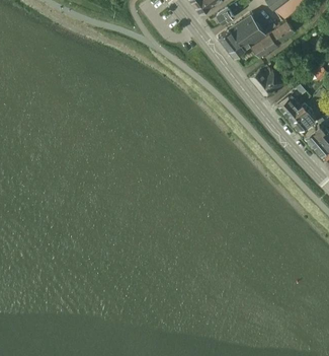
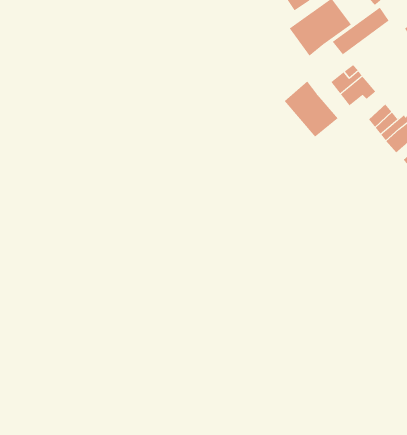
building: none -> [284,81,338,137]

